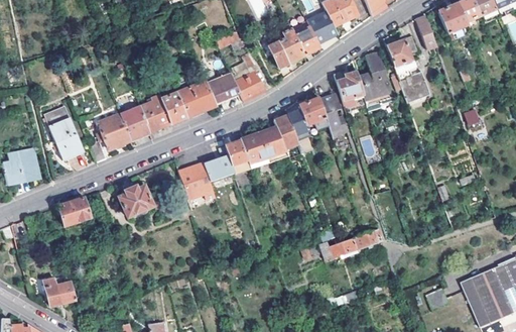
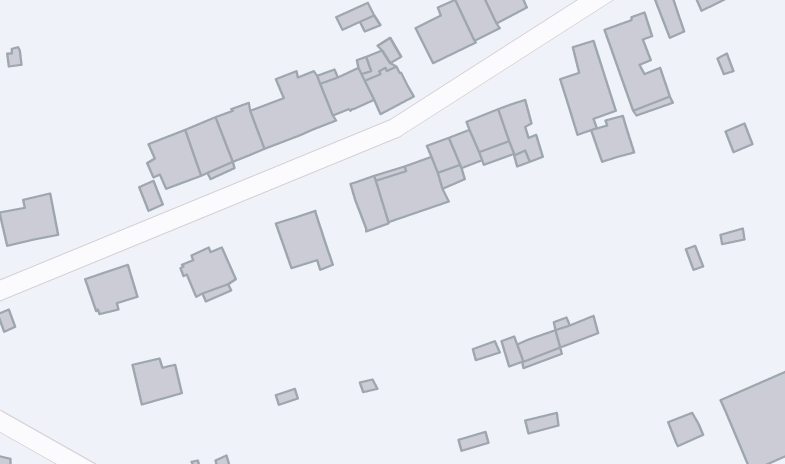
building: [336,72,363,101] -> [591,116,634,162]
building: [44,106,83,159] -> none
building: [203,155,235,182] -> none
building: [43,276,75,306] -> [132,358,182,404]

